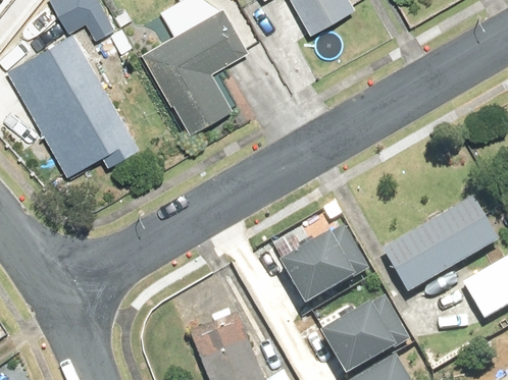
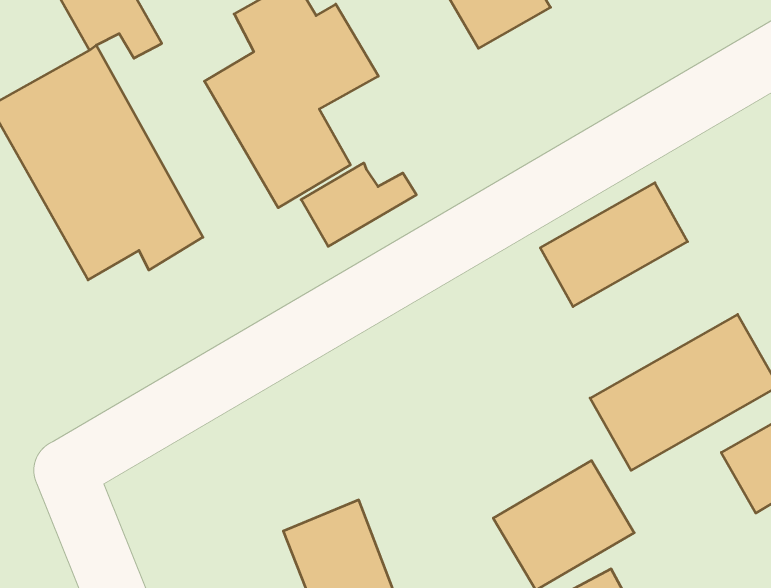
building: none -> [301,163,416,246]
building: none -> [540,183,688,307]
building: [278,221,366,302] -> none

